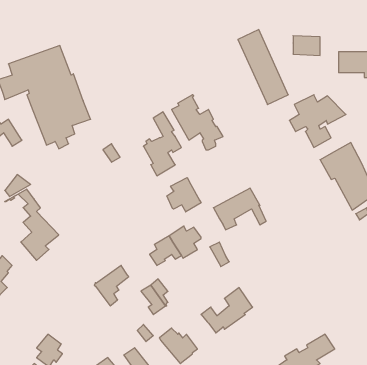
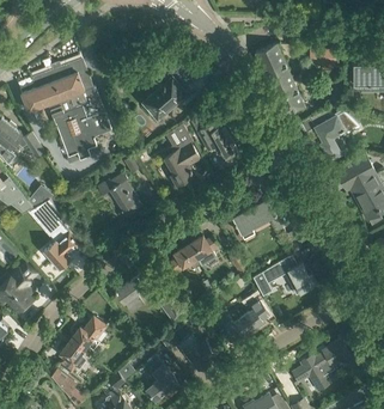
building: none -> [142,59,195,120]
building: none -> [97,173,142,218]
building: [167,178,201,212] -> none
building: none -> [252,255,317,297]
building: none -> [69,317,108,350]

